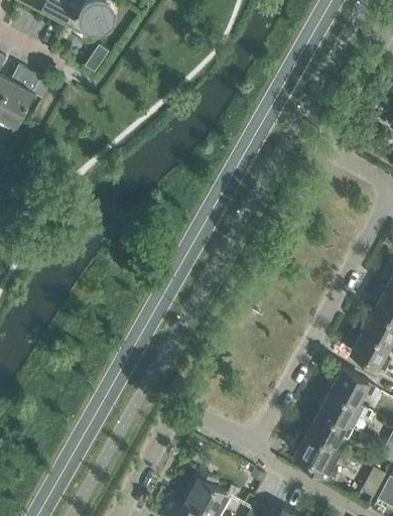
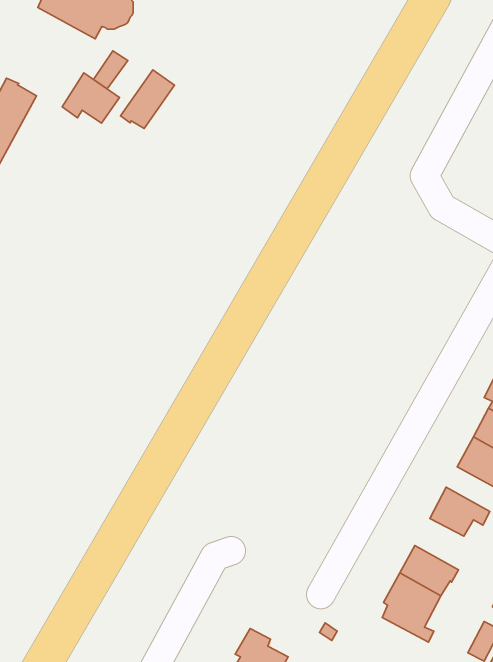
building: none -> [120,70,174,129]
building: none -> [62,73,120,123]
building: [321,391,368,429] -> none

